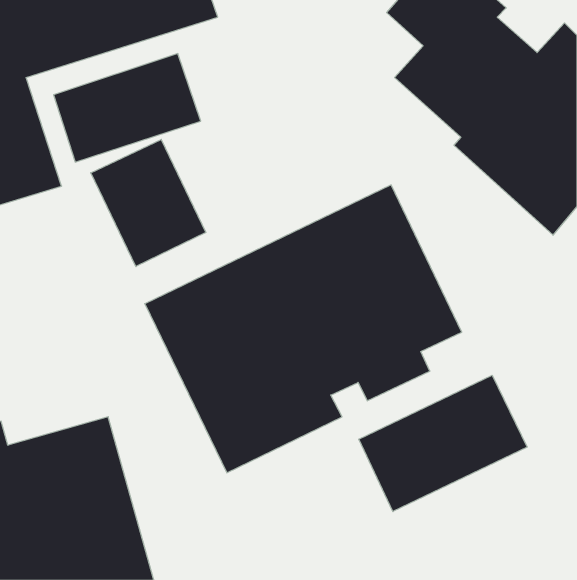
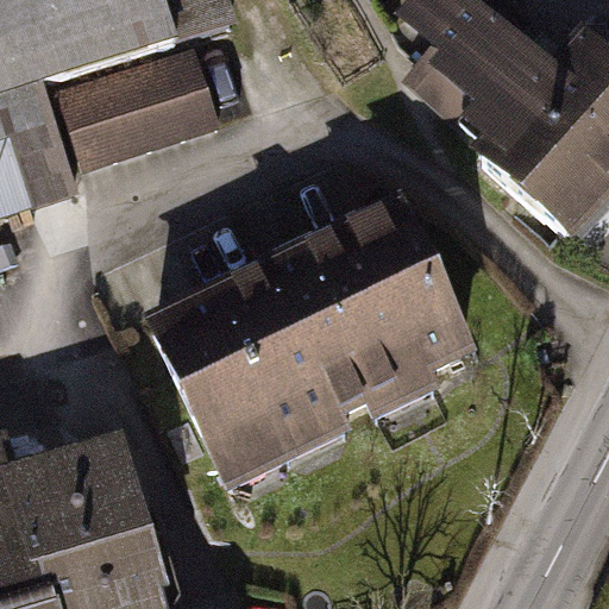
building: [91,139,206,267] -> none
building: [359,375,527,512] -> none

